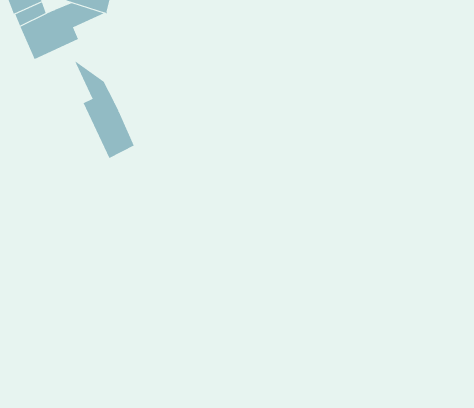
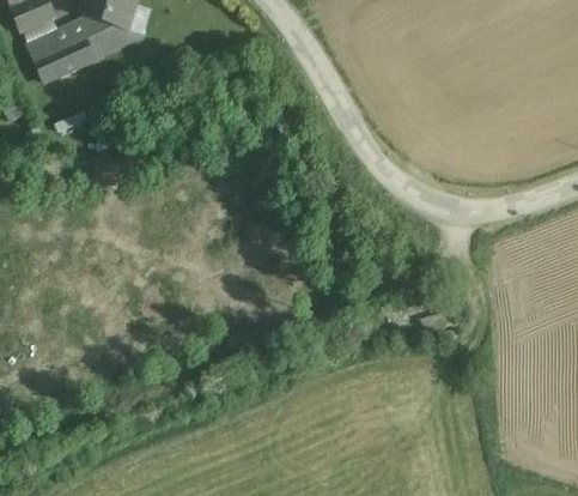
building: [74,59,134,159] -> none

